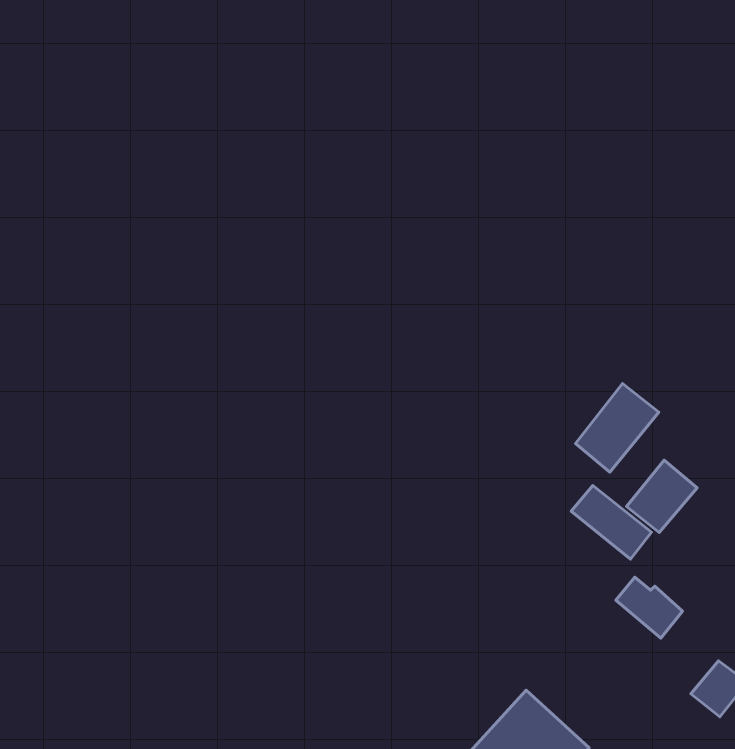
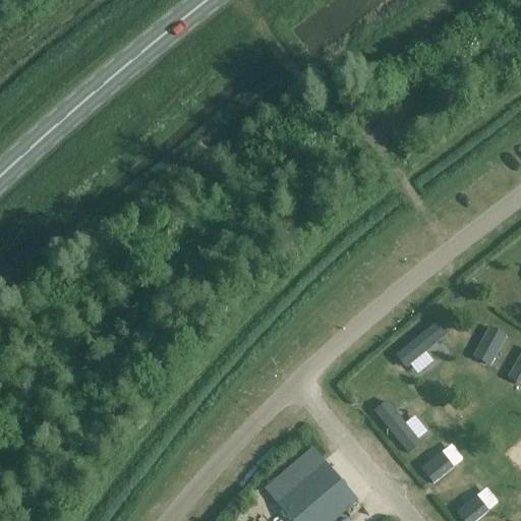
building: [575,383,659,472] -> none
building: [571,486,652,559] -> none

